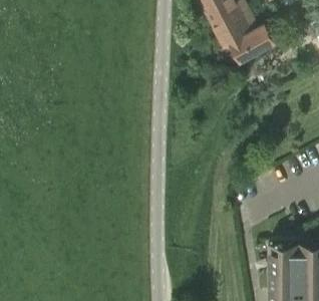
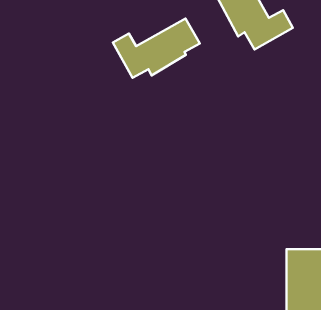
building: none -> [113,19,200,78]

